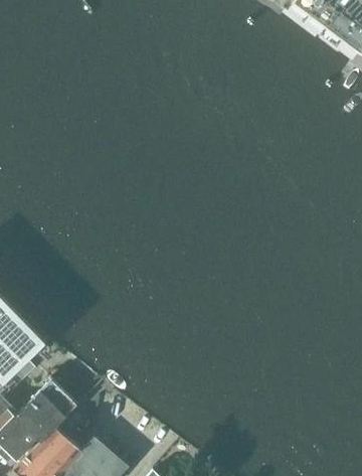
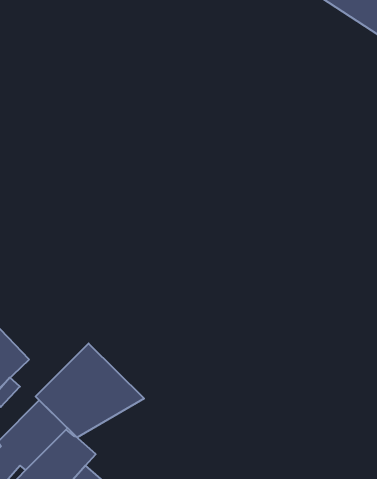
building: none -> [36,343,144,438]

